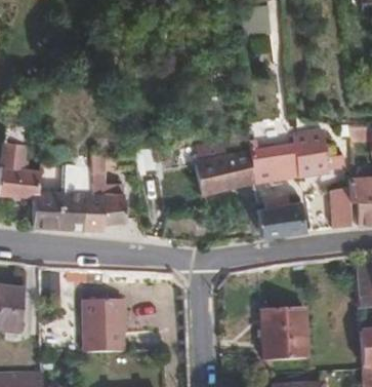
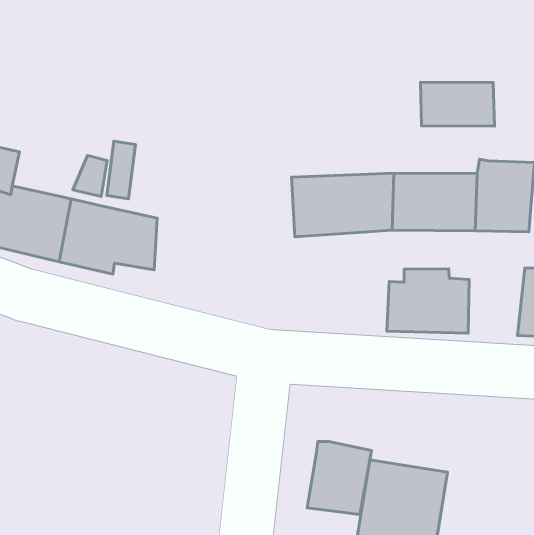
building: none -> [420,82,494,126]
building: [84,301,126,354] -> none
building: none -> [307,442,372,514]

